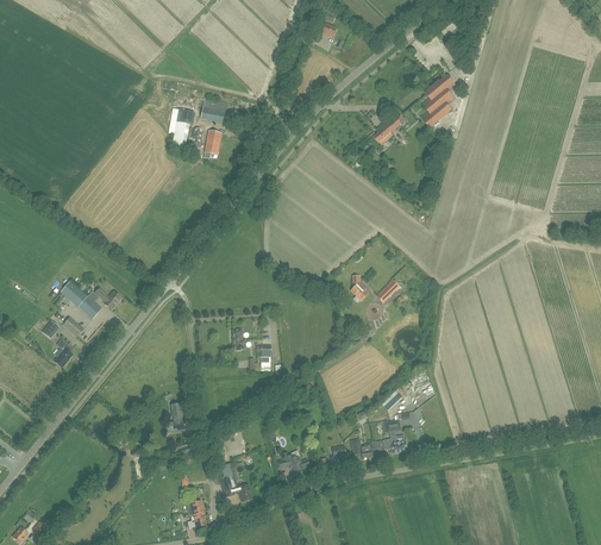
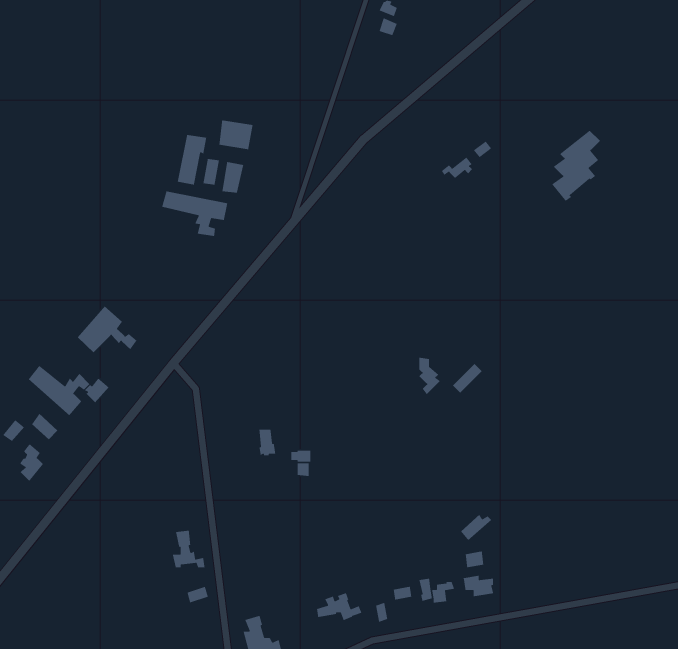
building: [419,75,456,129] -> [551,130,601,202]
building: none -> [161,190,228,237]
building: none -> [77,306,138,353]

